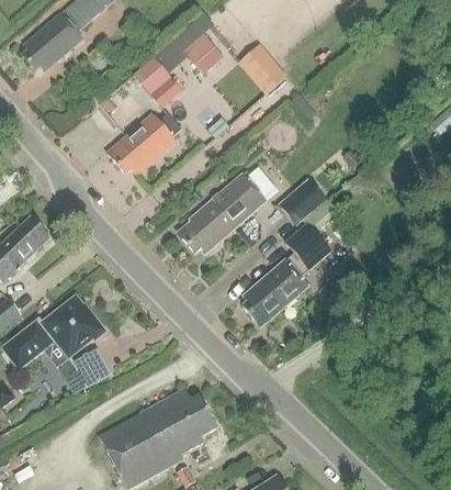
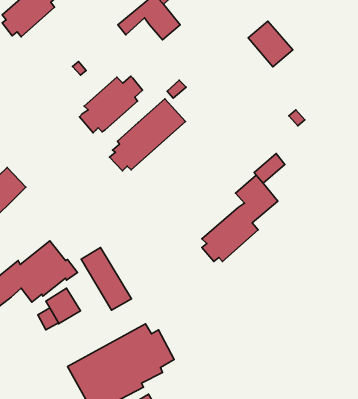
building: [237,43,286,93] -> [248,21,293,67]
building: [132,56,180,107] -> none
building: [182,170,267,250] -> [109,99,186,171]
building: [278,178,325,225] -> none
building: none -> [81,247,132,310]

